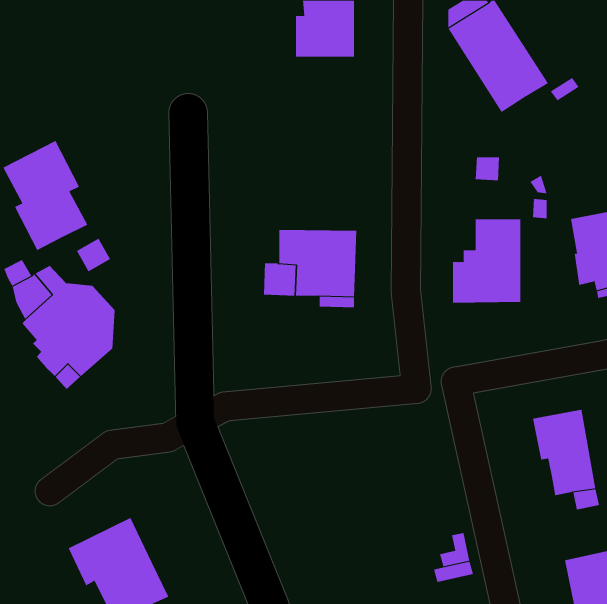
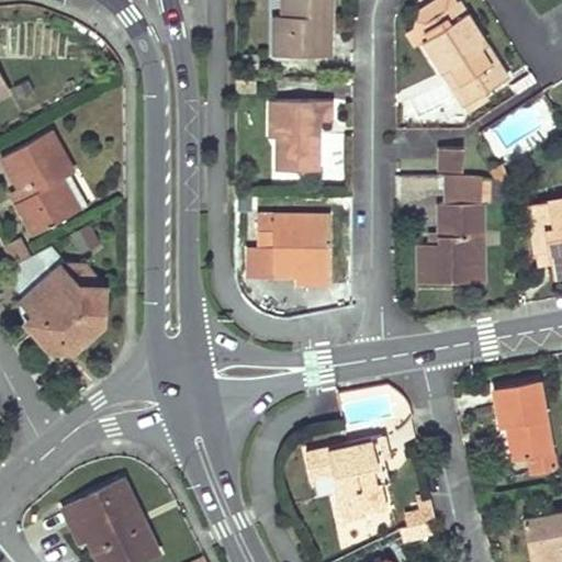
building: none -> [271,101,330,170]
building: none -> [438,177,482,205]
building: none -> [307,435,391,520]

